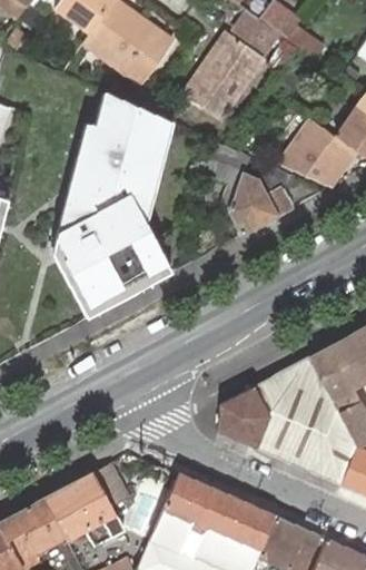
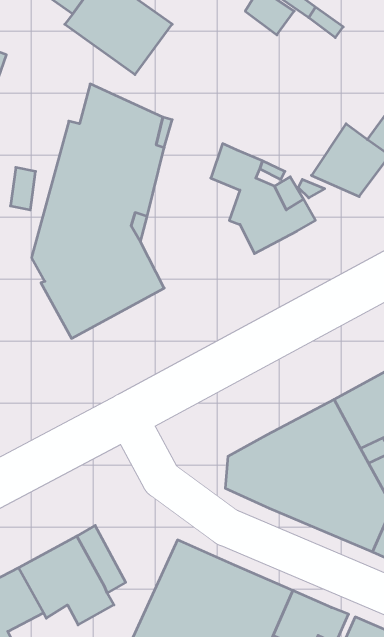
building: [184,32,264,118] -> none
building: [52,237,171,317] -> none

